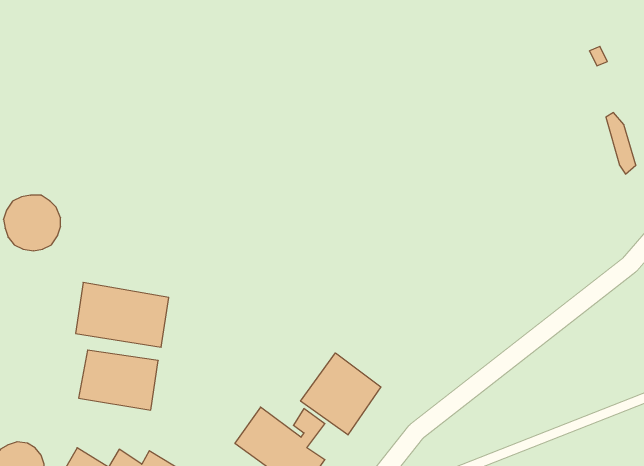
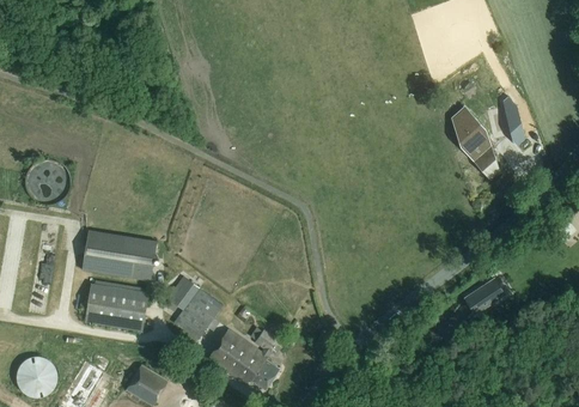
building: none -> [453,102,501,175]
building: none -> [170,275,221,340]
building: none -> [465,277,505,310]
building: [301,353,381,435] -> none

